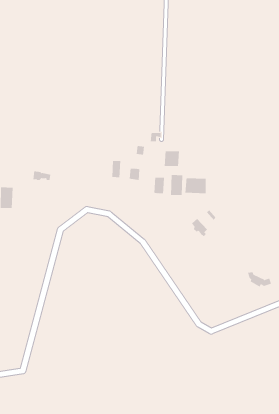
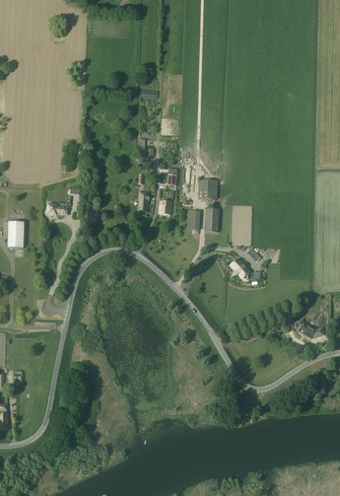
building: [185,177,206,194] -> none

